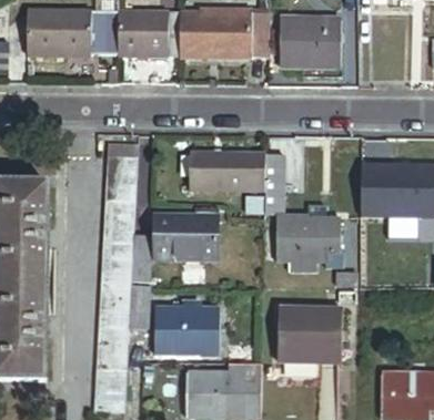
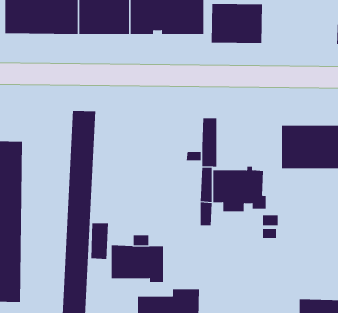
building: [189,154,266,191] -> none
building: [132,215,218,279] -> none
building: [279,305,343,352] -> none

